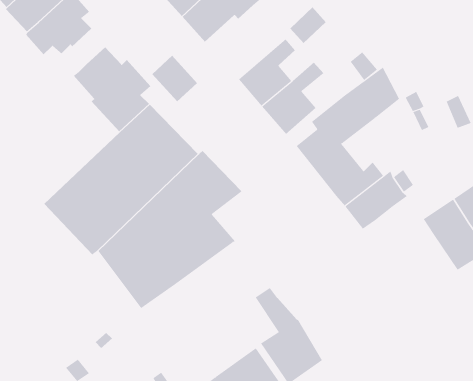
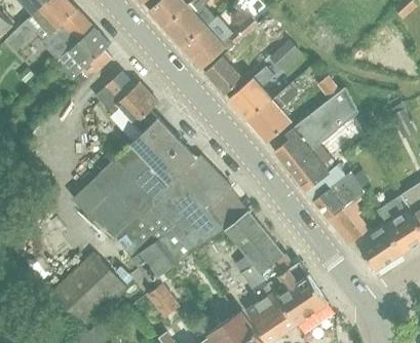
building: [152,55,198,102] -> [204,56,241,94]
building: none -> [207,189,328,323]
building: none -> [328,200,404,271]
building: none -> [51,253,127,326]
building: none -> [148,282,180,316]

